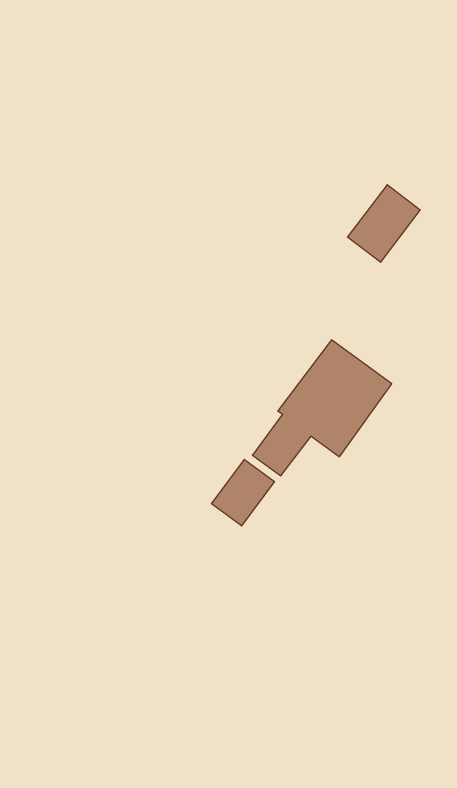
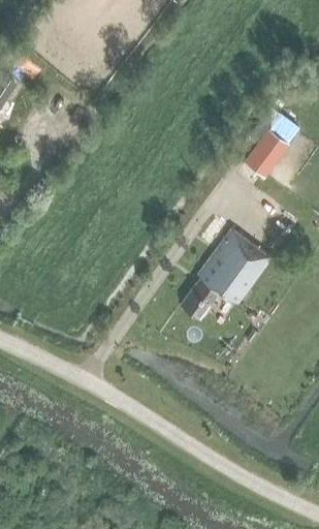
building: [212,459,274,526] -> none

